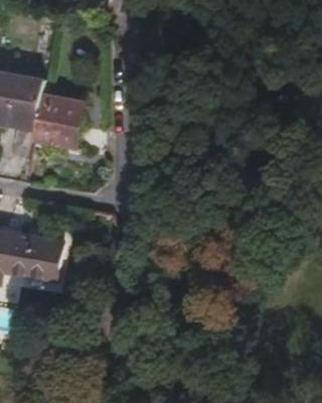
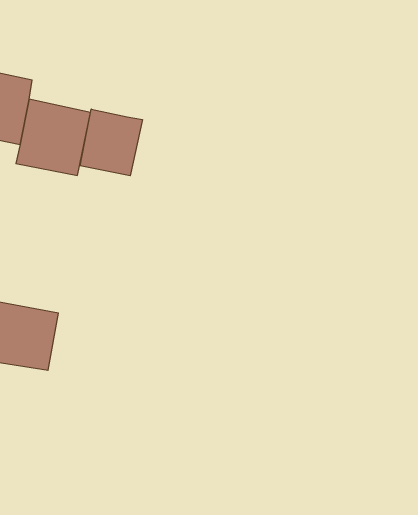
building: none -> [80,109,142,176]

